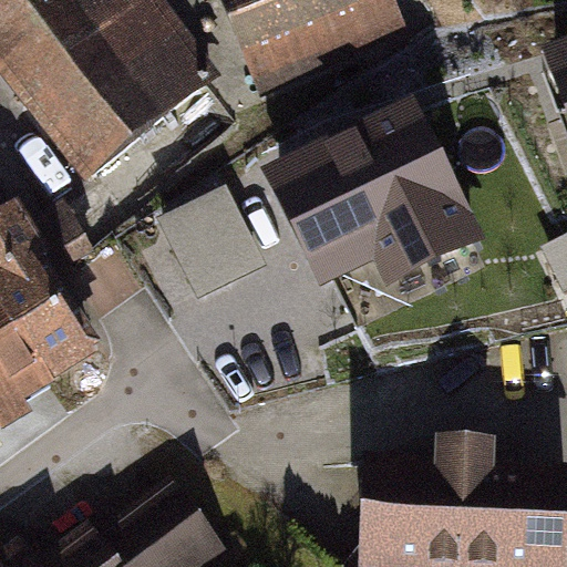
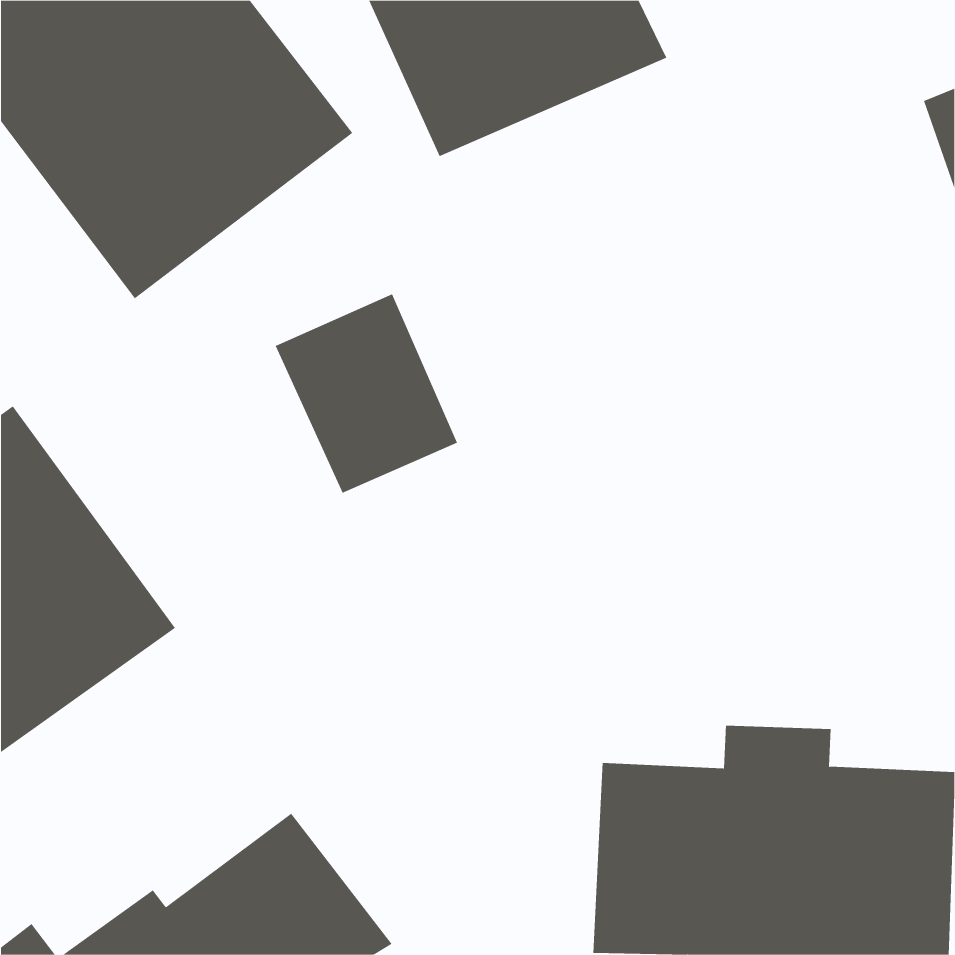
building: [271,116,492,306] -> none

